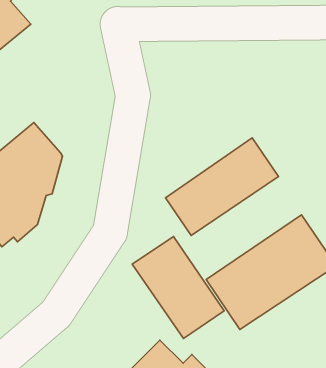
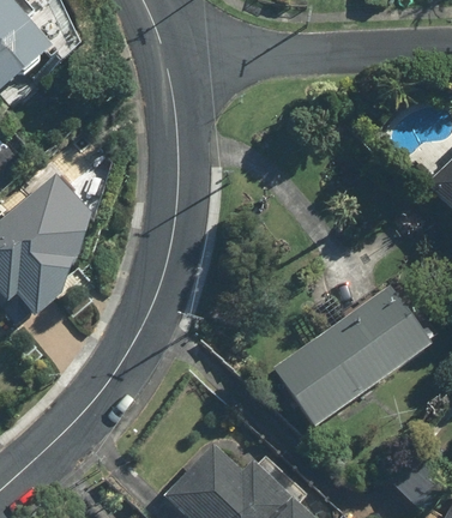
building: [165,138,278,236] -> none
building: [132,236,224,338] -> none

